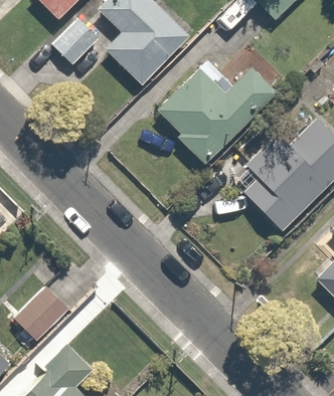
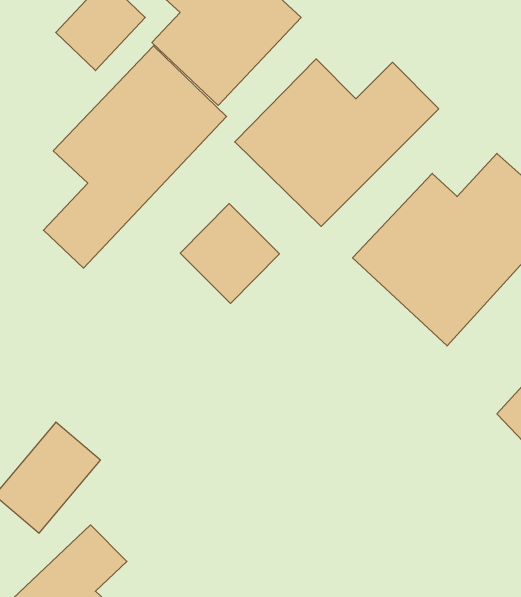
building: none -> [43,46,227,268]
building: none -> [180,204,279,303]

